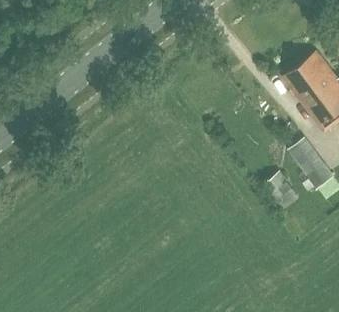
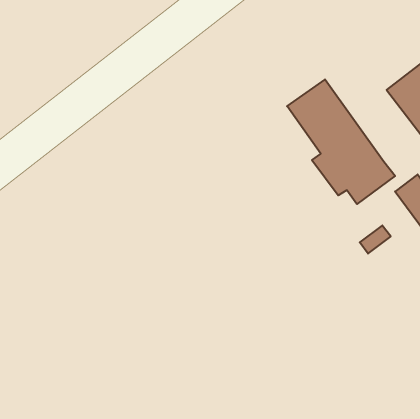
building: none -> [287,79,395,204]

